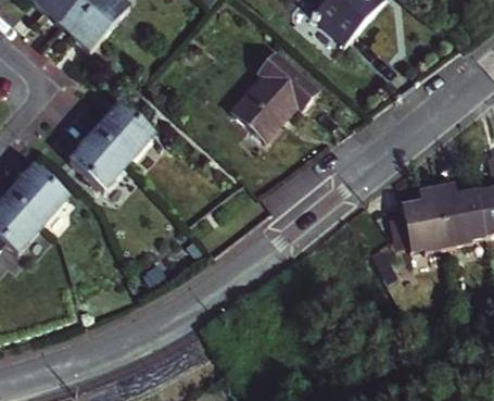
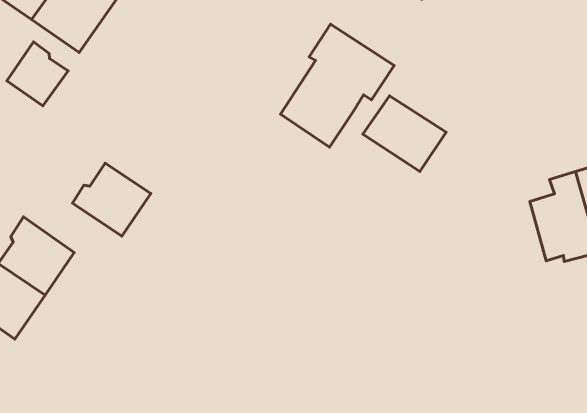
building: none -> [7,42,68,106]
building: [100,103,155,160] -> none
building: none -> [363,96,446,172]

